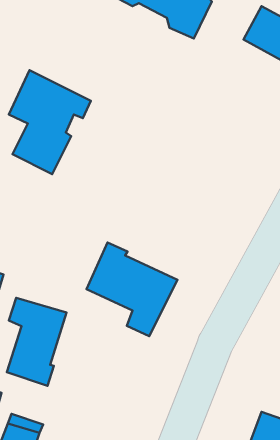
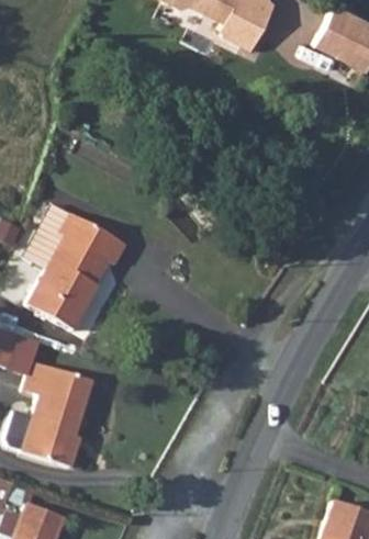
building: [9,70,91,174] -> [24,209,124,335]
building: [86,242,177,336] -> none

